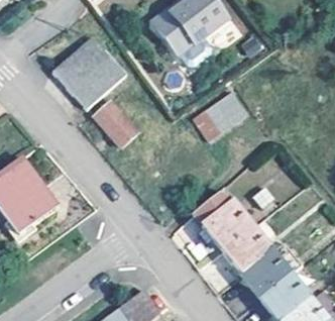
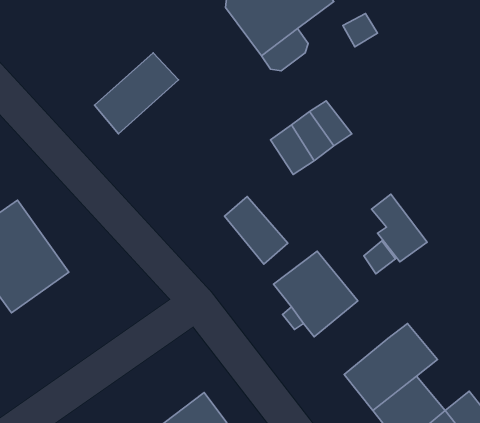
building: [59,39,113,93] -> none
building: [100,103,142,148] -> [225,197,288,264]
building: [221,224,270,274] -> none

